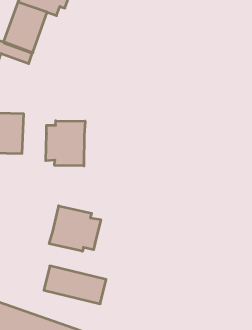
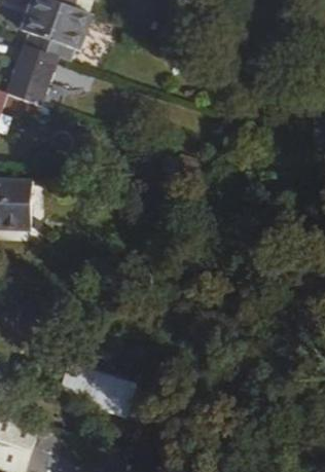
building: [46,121,85,166] -> none
building: [49,206,101,251] -> none

